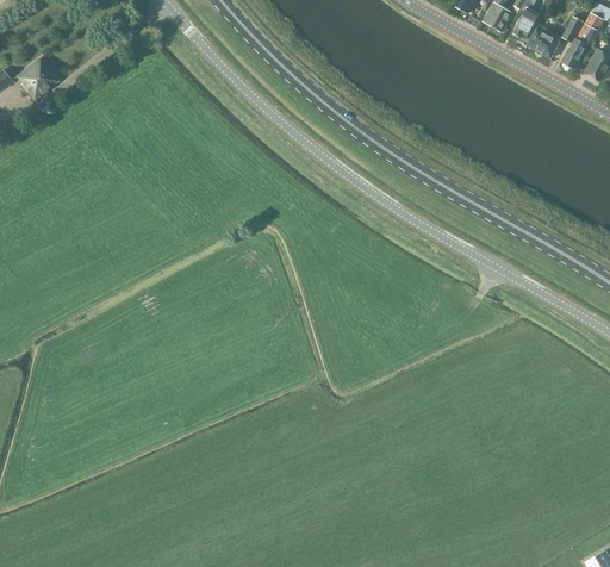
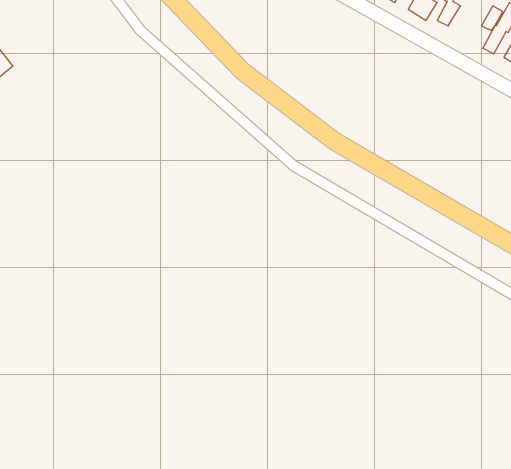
building: [529,27,561,57] -> none

